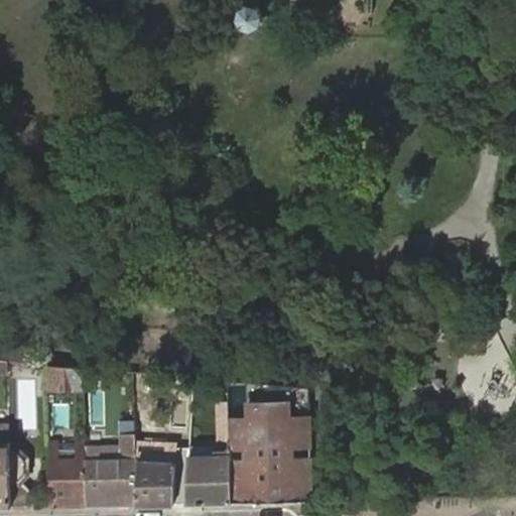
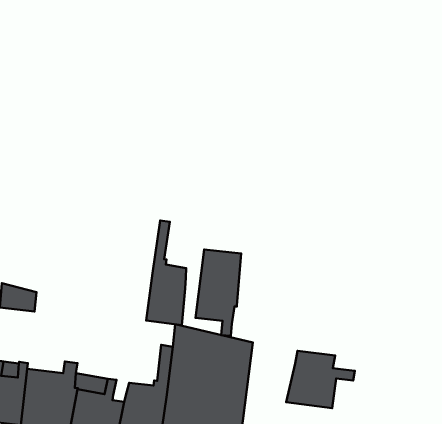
building: none -> [146,221,186,325]
building: none -> [195,250,241,336]
building: none -> [286,351,355,408]

